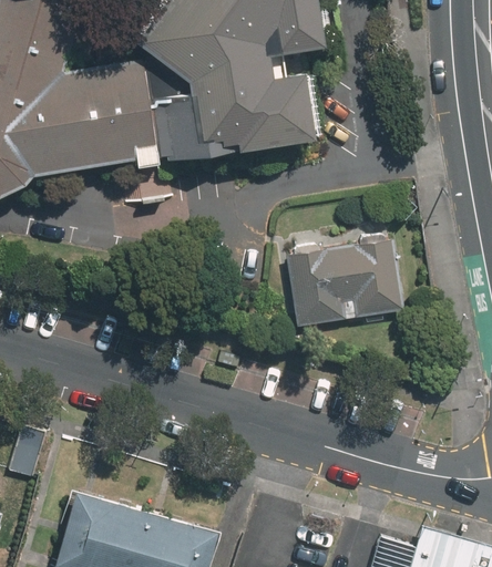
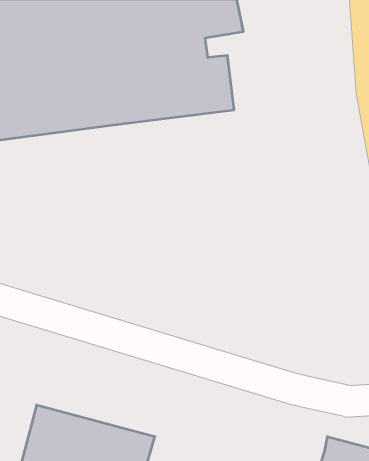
building: [273,225,388,320] -> none

